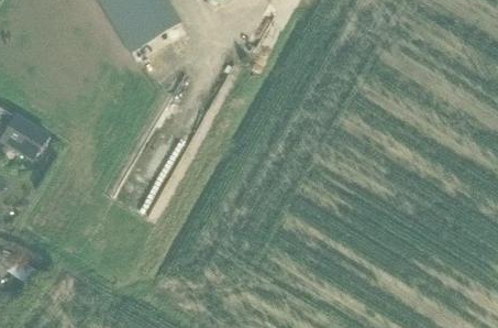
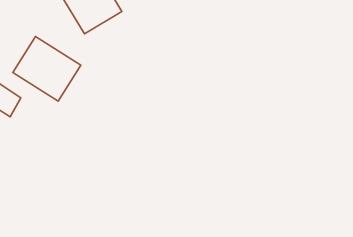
building: none -> [13,37,81,101]

